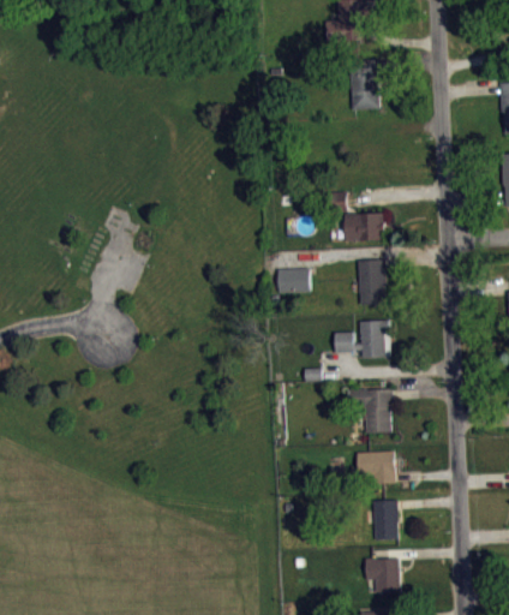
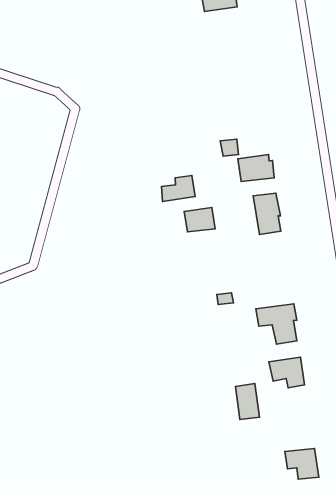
building: [349,61,379,111] -> none
building: none -> [162,176,195,201]
building: [334,320,389,358] -> none
building: [372,501,396,541] -> [235,383,259,419]

